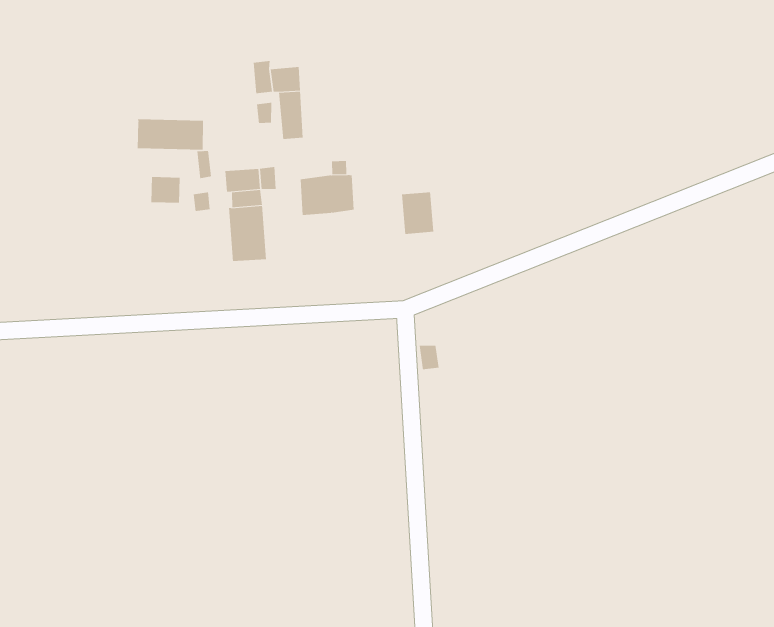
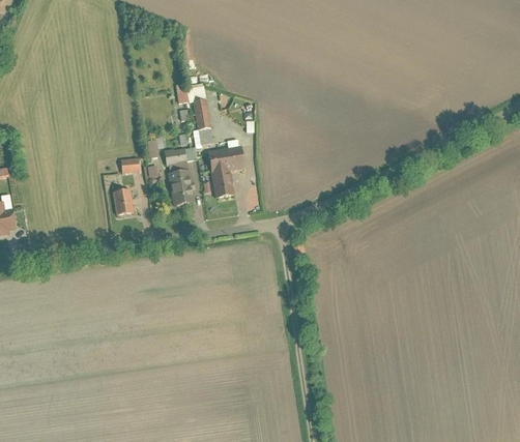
building: [137,118,204,151] -> none
building: [401,192,434,234] -> [212,171,234,198]
building: none -> [112,188,135,217]

